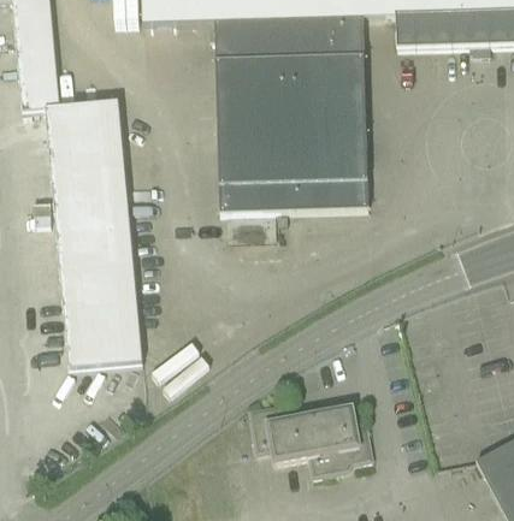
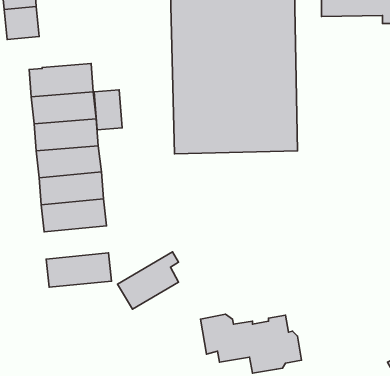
building: [18,70,60,111] -> none
building: none -> [94,90,122,130]
building: [63,297,140,337] -> none

